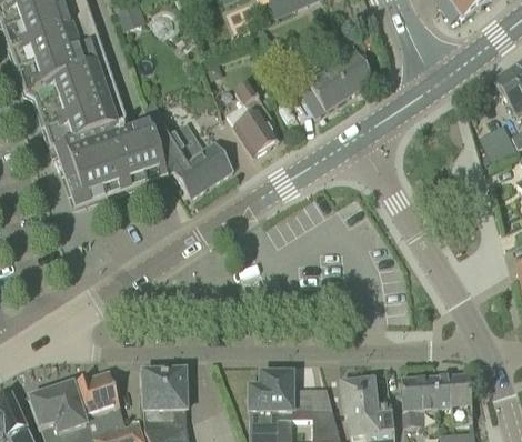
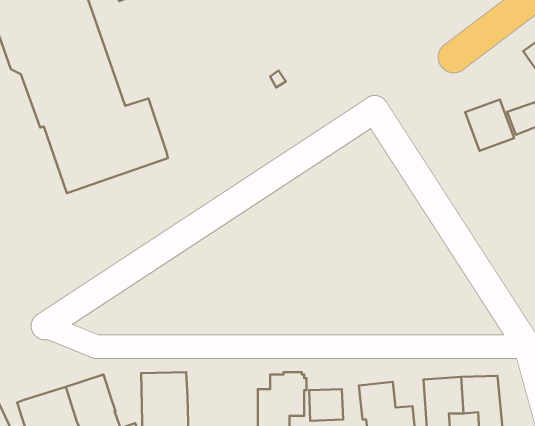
building: [299,38,375,114] -> none
building: [232,81,277,157] -> none
building: [150,111,233,195] -> none
building: none -> [465,100,514,151]

